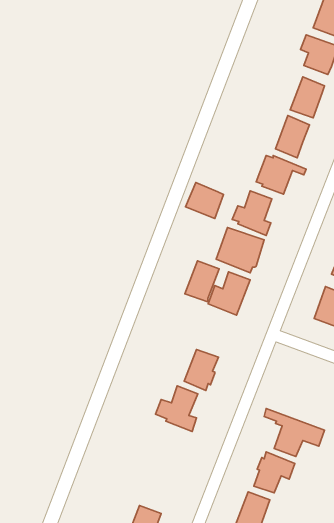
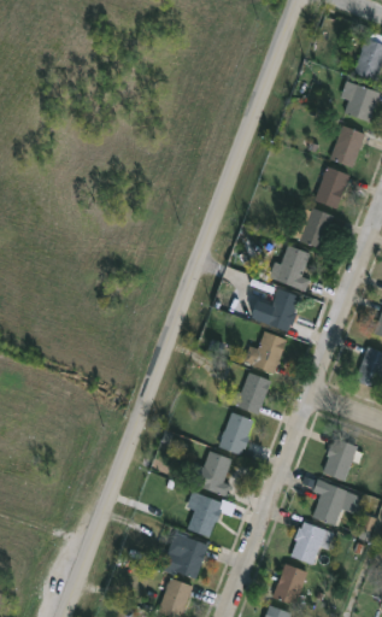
building: [186,183,224,218] -> none
building: [185,261,219,302] -> [235,371,271,415]
building: none -> [322,439,358,483]
building: none -> [186,490,235,537]
building: none -> [168,533,207,578]

